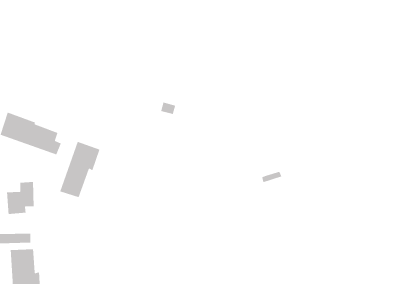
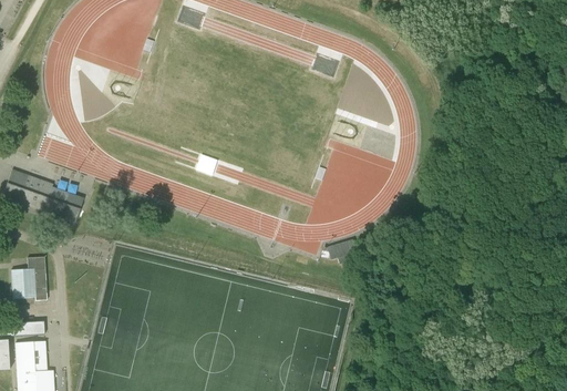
building: [59,141,101,198] -> none

